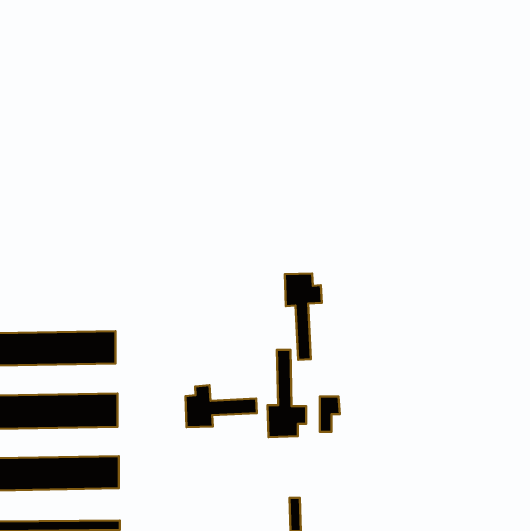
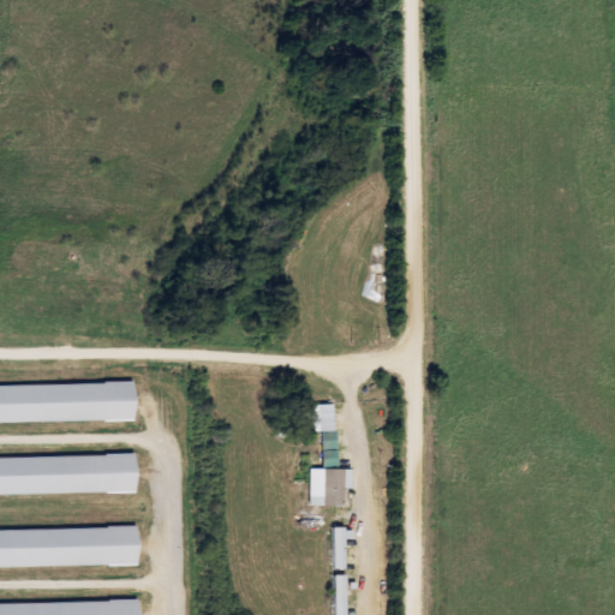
building: [285,274,322,360] -> none
building: [186,385,257,427] -> none
building: [320,396,340,432] -> [333,527,356,568]

